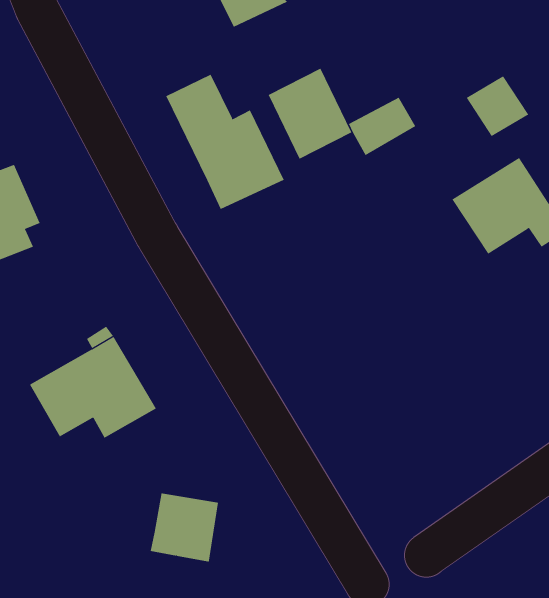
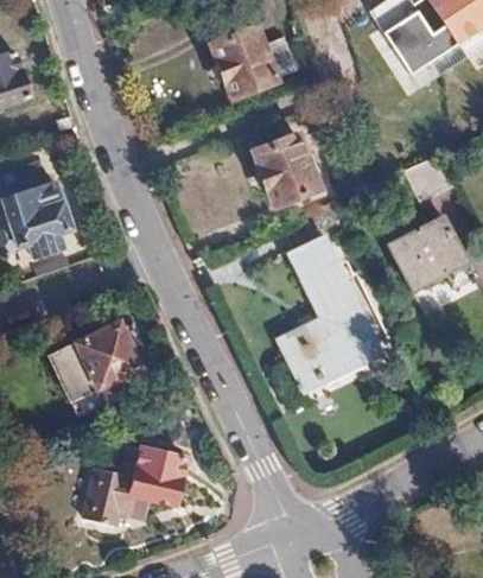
building: [166,74,284,210] -> none
building: none -> [275,247,376,385]
building: none -> [85,468,147,520]

